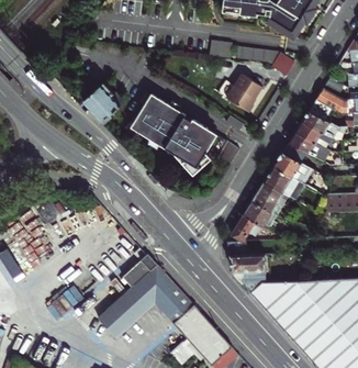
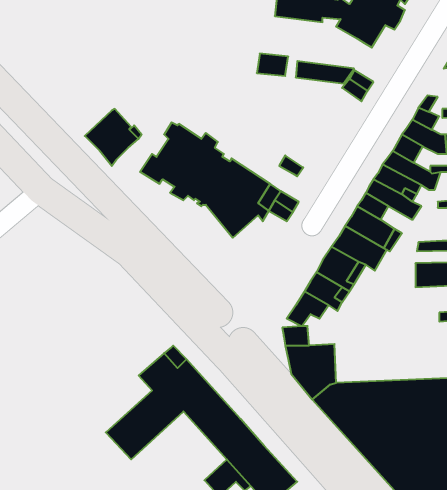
building: [227,76,262,113] -> none

